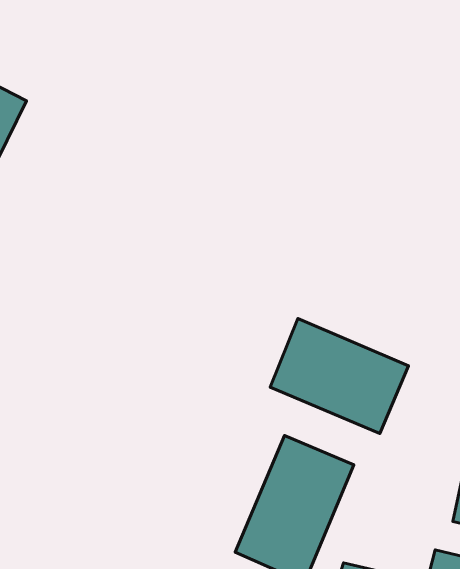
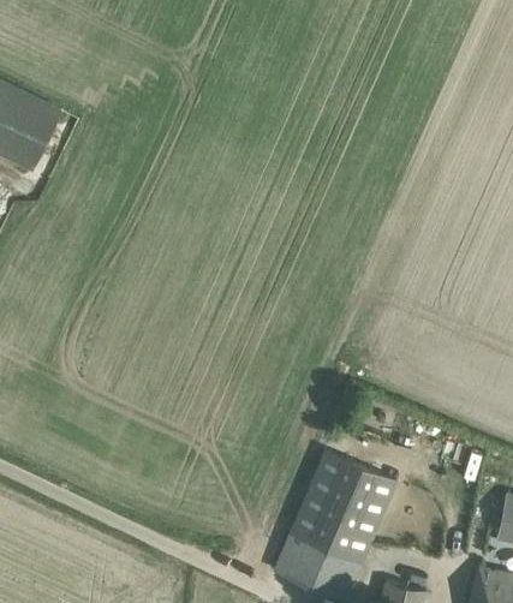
building: [270,319,408,433] -> none

